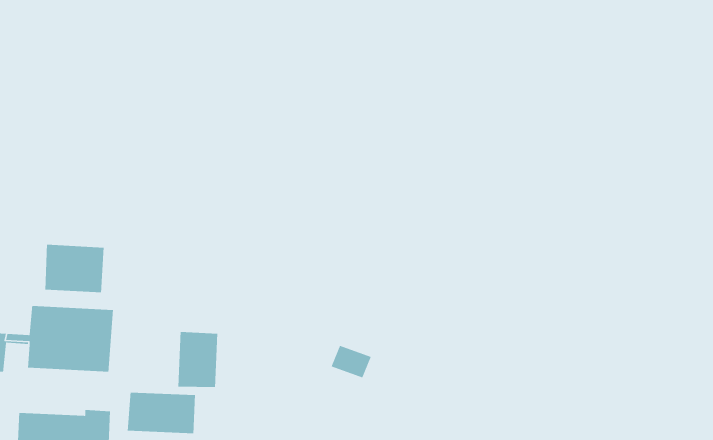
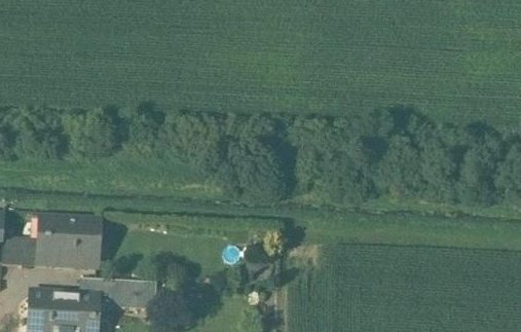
building: [45,244,105,293] -> none
building: [177,331,218,388] -> none

